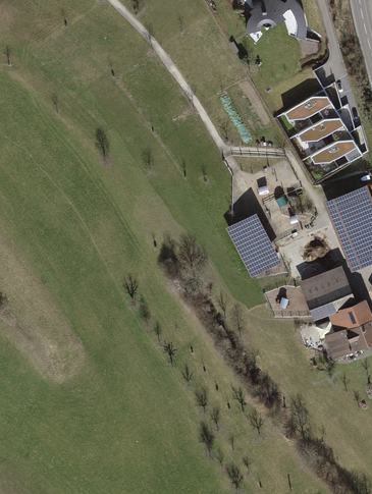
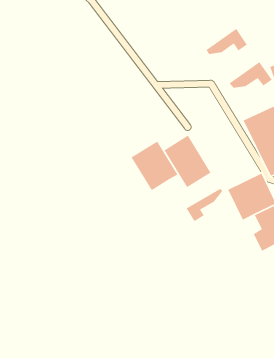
building: [298,111,349,140] -> none
building: none -> [130,141,179,191]
building: none -> [185,188,223,222]

